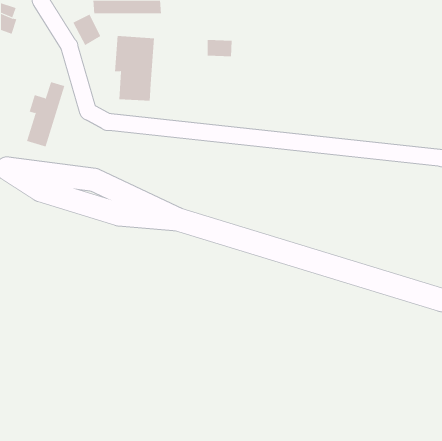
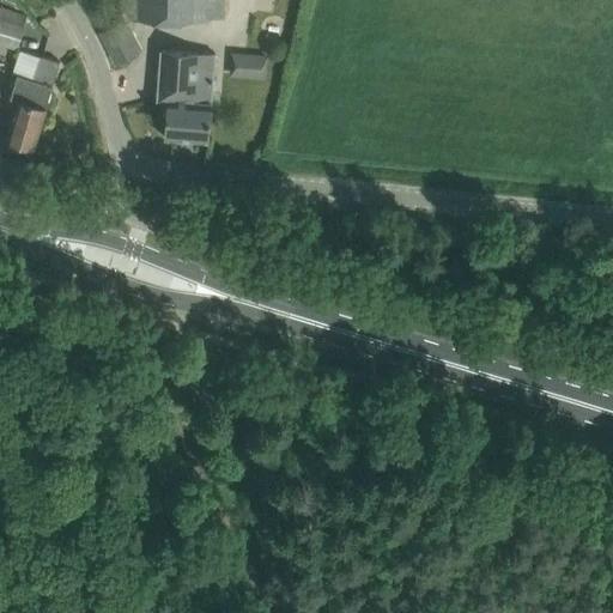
building: [207,39,233,57] -> [231,54,267,78]
building: [26,81,65,147] -> [6,56,60,147]

